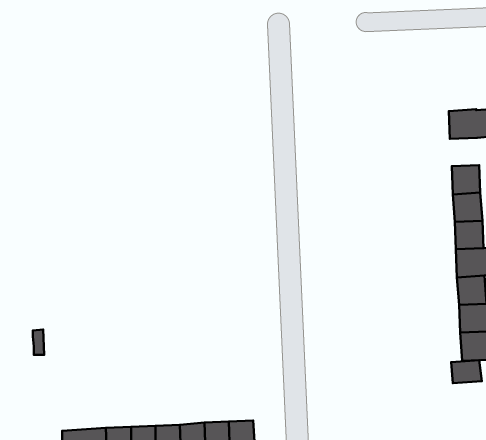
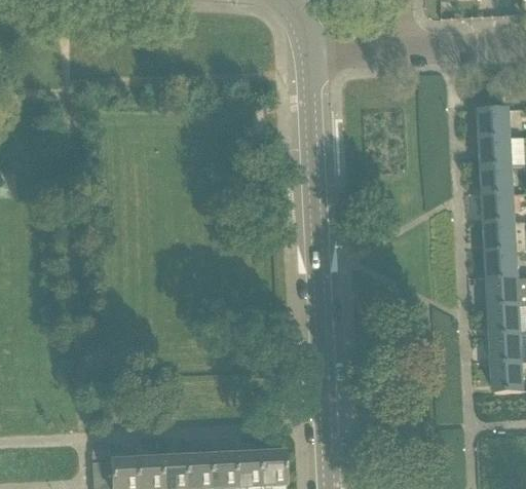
building: none -> [478,107,508,138]
building: none -> [481,164,511,193]
building: [451,360,482,383] -> none

